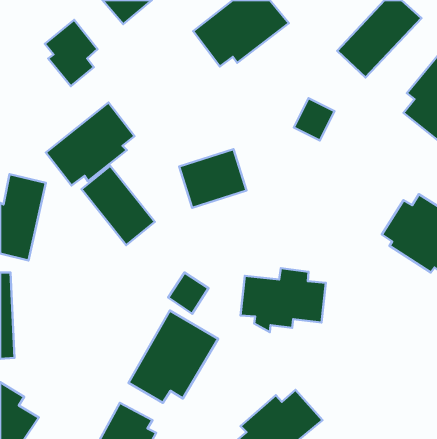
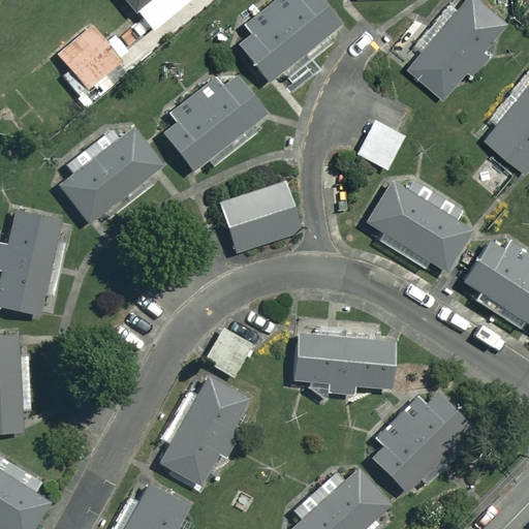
building: none -> [163,75,264,170]
building: none -> [365,181,474,274]
building: [81,166,155,245] -> none
building: none -> [364,383,469,491]

